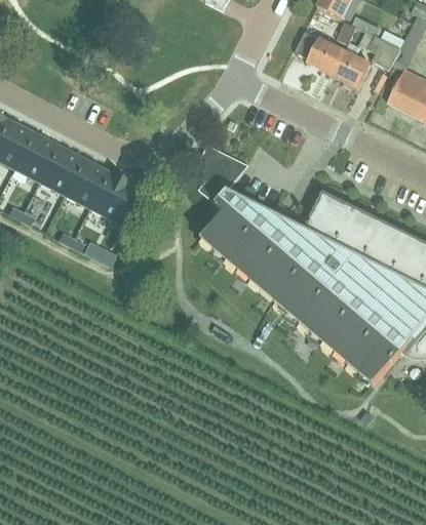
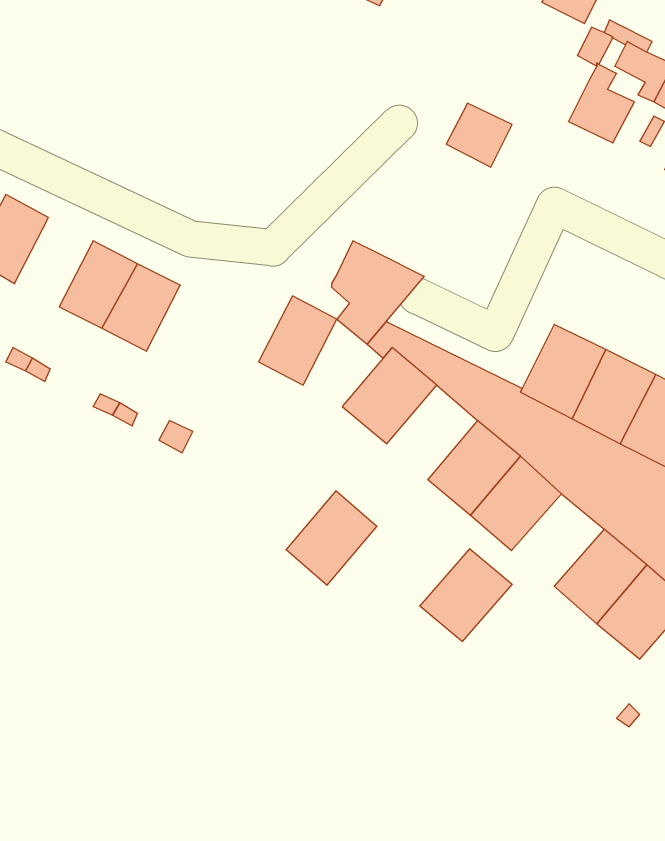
building: [306,37,344,74] -> [446,103,512,167]
building: [12,129,57,180] -> none
building: [88,168,133,219] -> [259,296,337,385]
building: [227,226,279,280] -> [286,491,377,585]
building: [299,288,352,341] -> [420,549,512,641]

